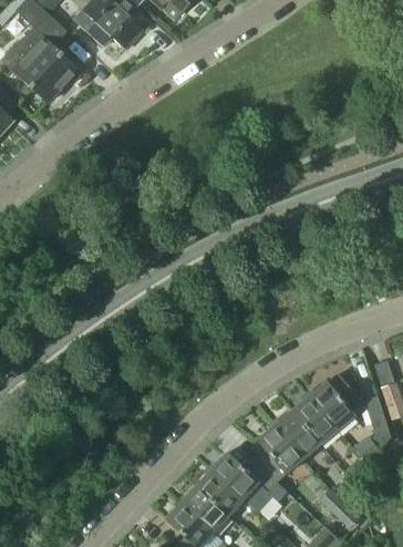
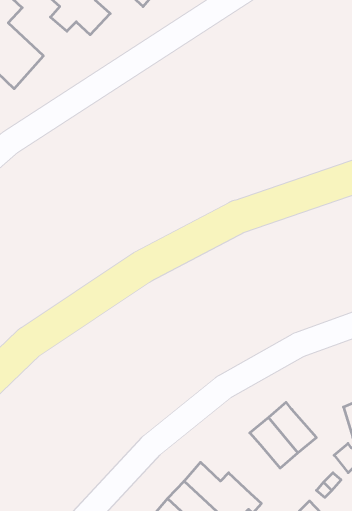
building: [308,374,362,430] -> none
building: [254,425,302,483] -> none

